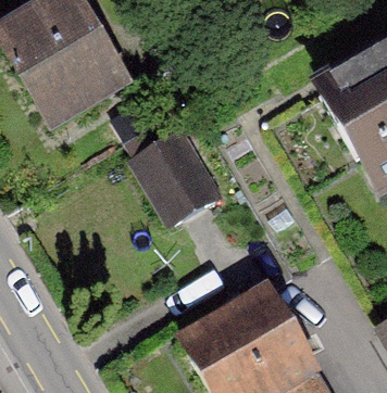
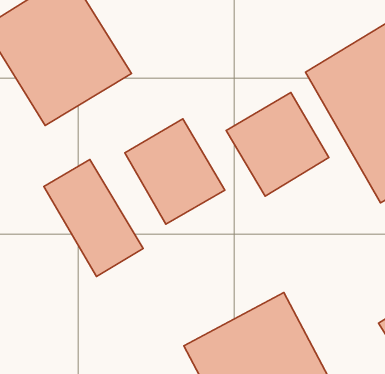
building: none -> [226,93,329,196]
building: none -> [44,159,143,276]

